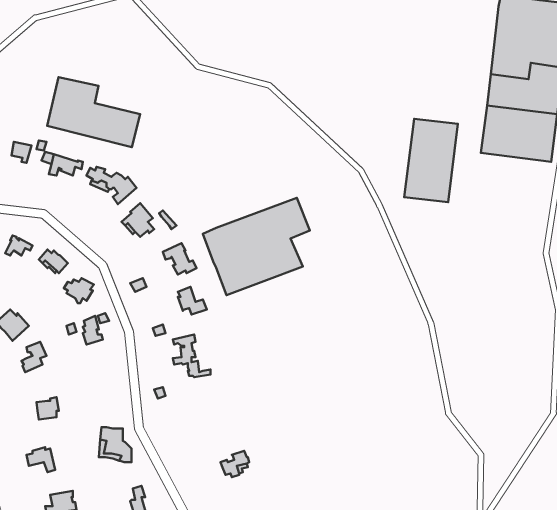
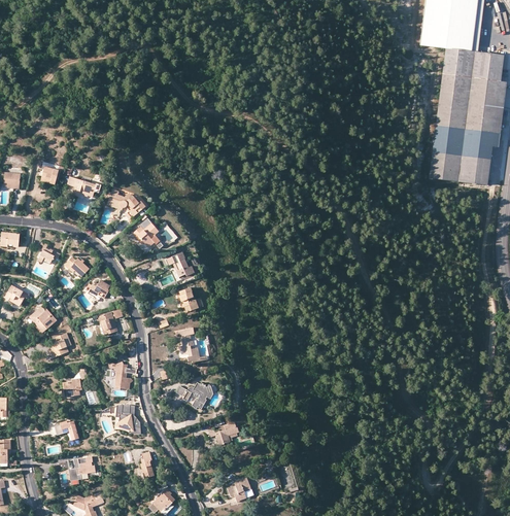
building: [47,77,140,147] -> none
building: [404,119,458,202] -> none
building: [203,198,310,295] -> none
building: none -> [105,362,136,388]
building: none -> [176,382,211,409]

